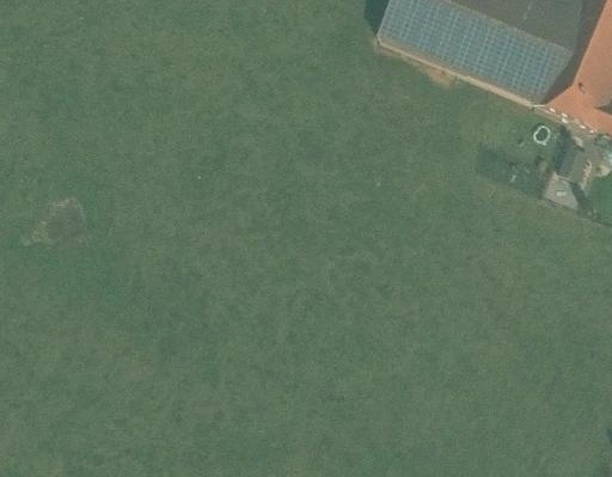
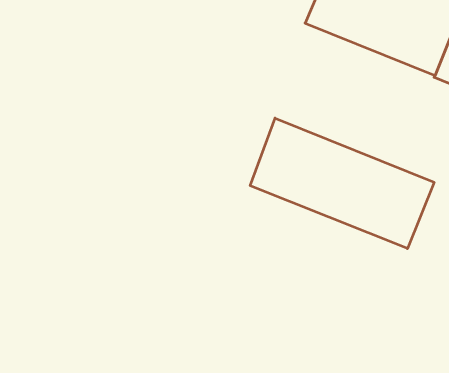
building: none -> [250,118,434,249]

